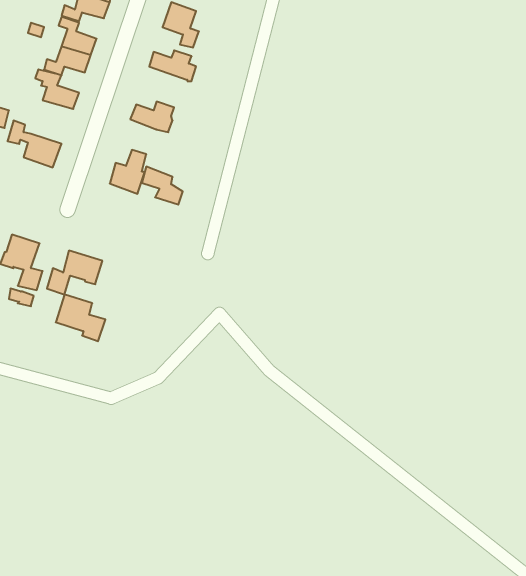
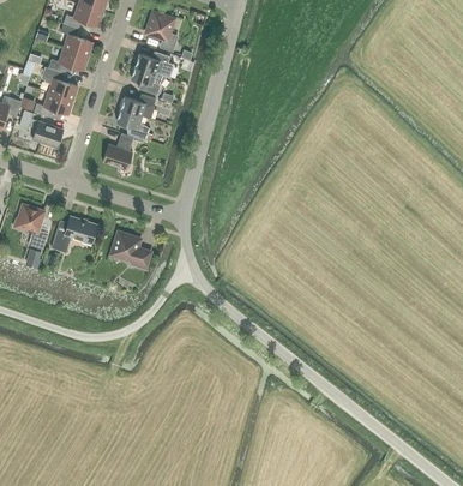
building: none -> [131,65,167,95]
building: none -> [34,92,73,116]
building: [142,167,183,205] -> [116,108,150,139]
building: [56,295,105,341] -> [110,230,151,269]

